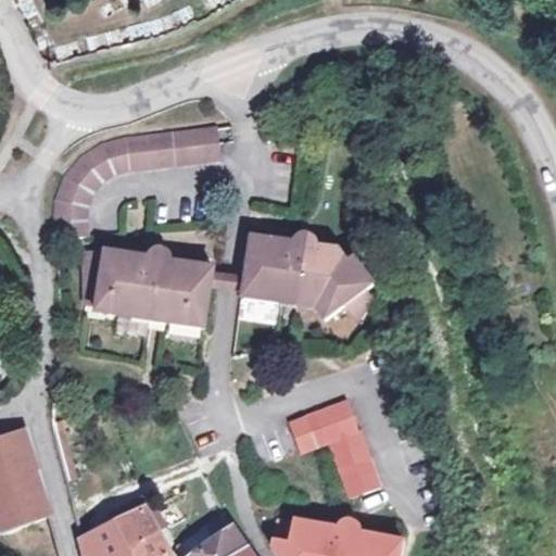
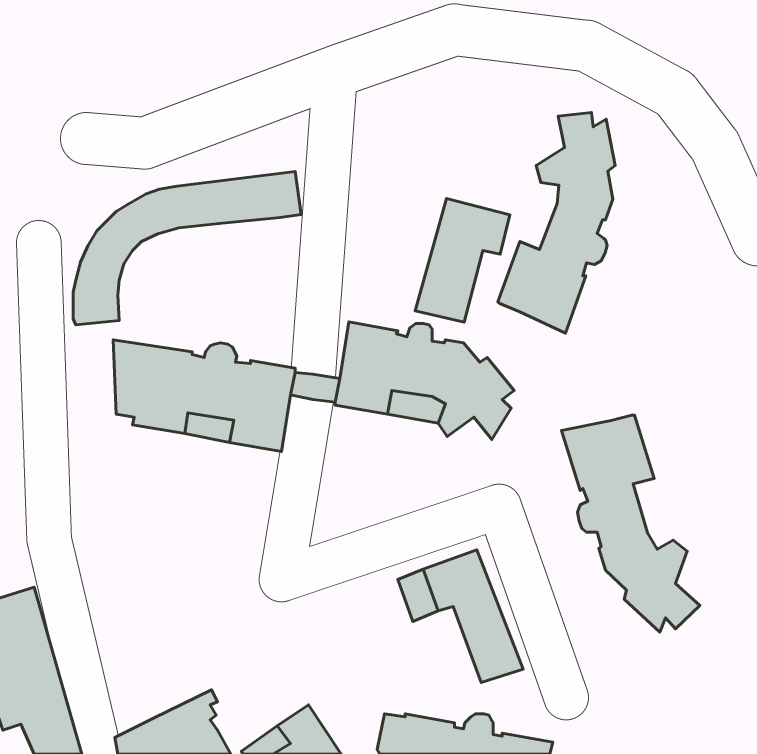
building: none -> [498,113,615,333]
building: none -> [415,199,510,322]
building: none -> [562,415,700,632]

